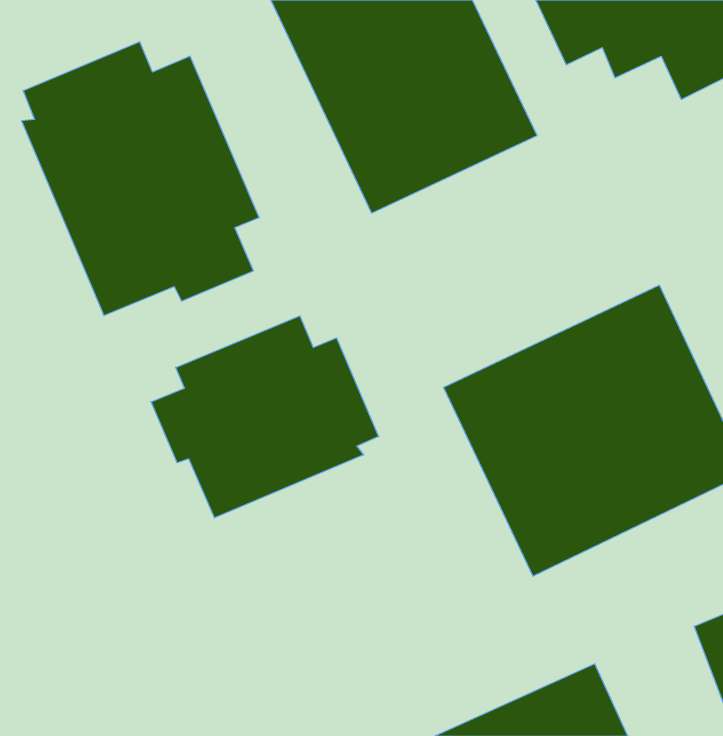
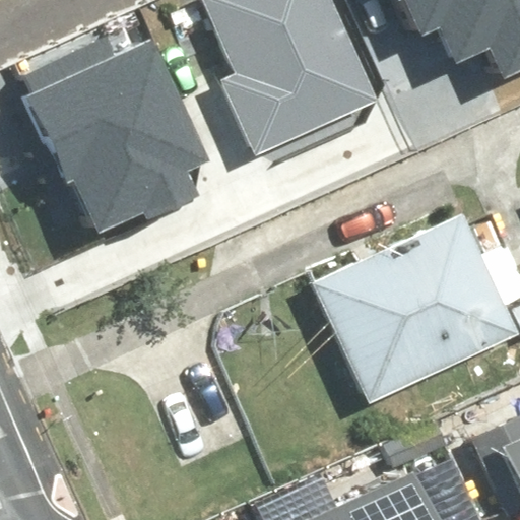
building: [151,316,379,518] -> none

